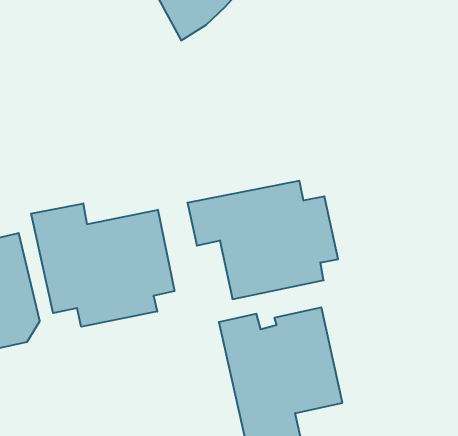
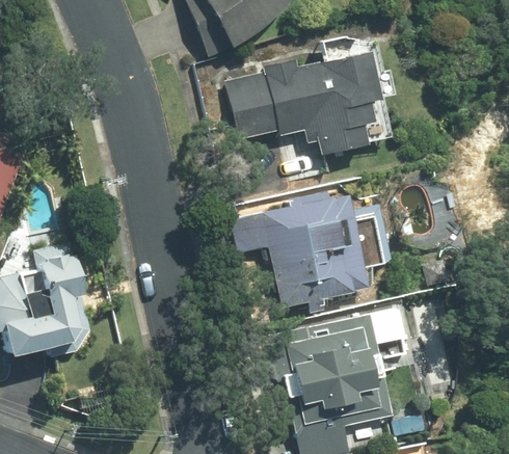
building: none -> [222,52,389,162]
building: [31,203,175,327] -> none

